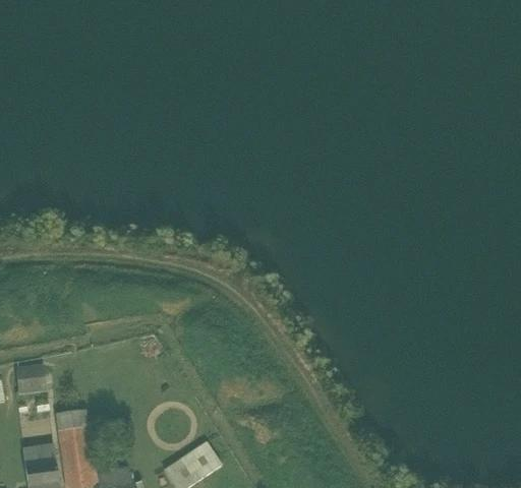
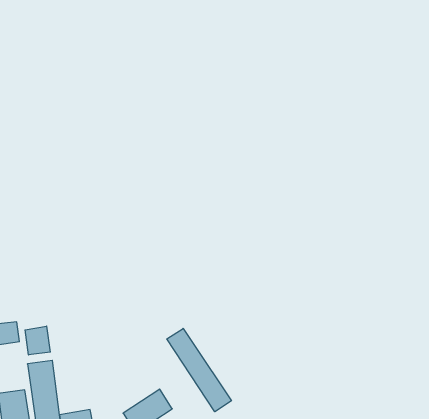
building: none -> [25,326,50,355]
building: none -> [167,328,231,412]

